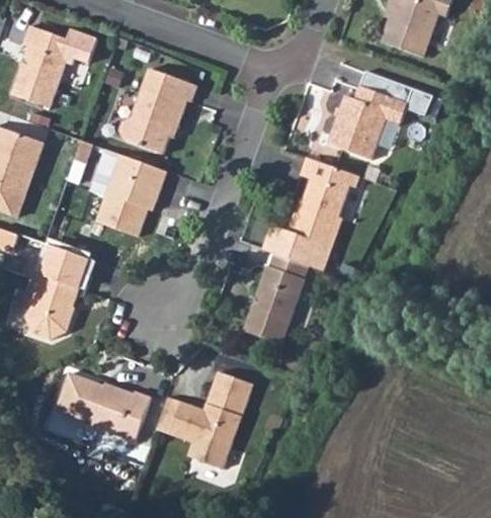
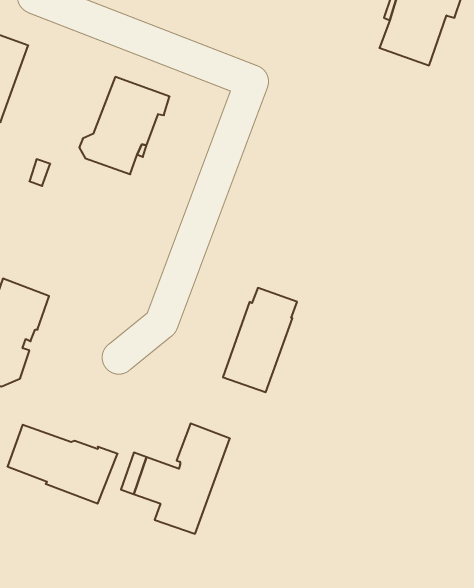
building: [328,70,433,160] -> none
building: [96,154,167,236] -> none
building: [262,156,359,270] -> none

